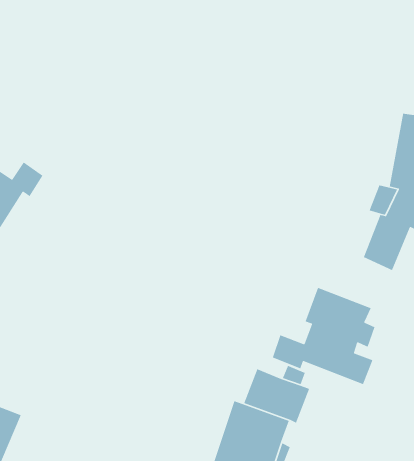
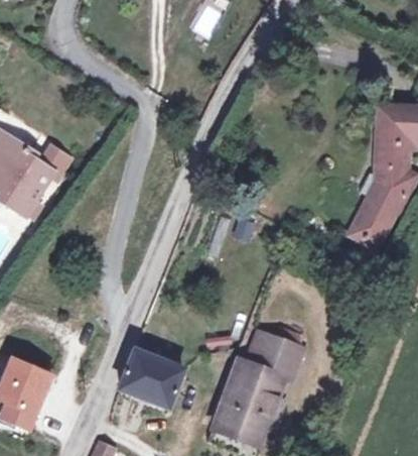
building: [272,287,376,385] -> none
building: none -> [120,348,183,408]

